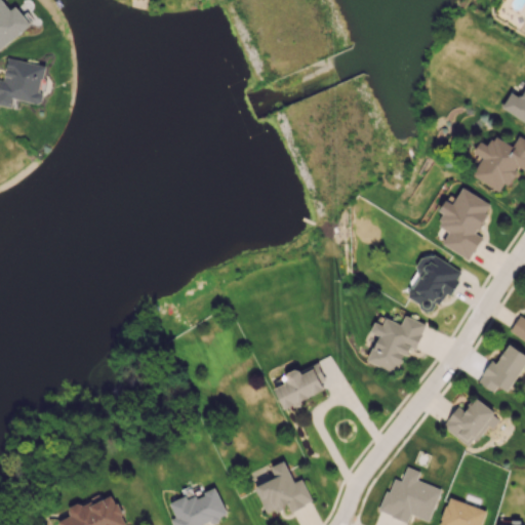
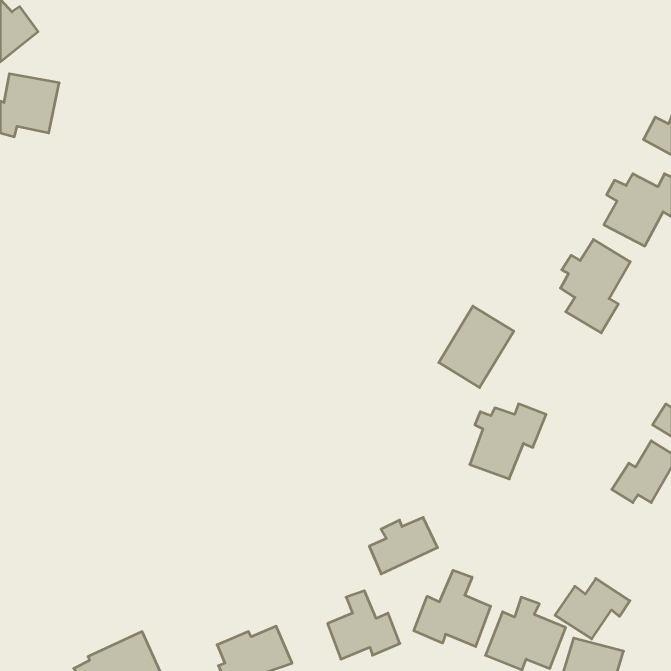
building: [403,252,461,316] -> [439,306,514,388]
building: [275,366,328,410] -> [369,517,438,574]
building: [443,400,501,447] -> [555,578,630,639]
building: none -> [414,570,491,647]

